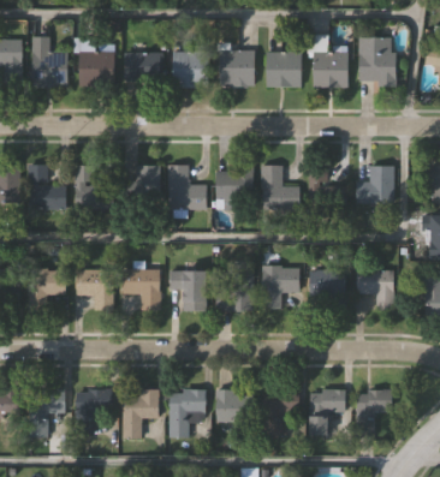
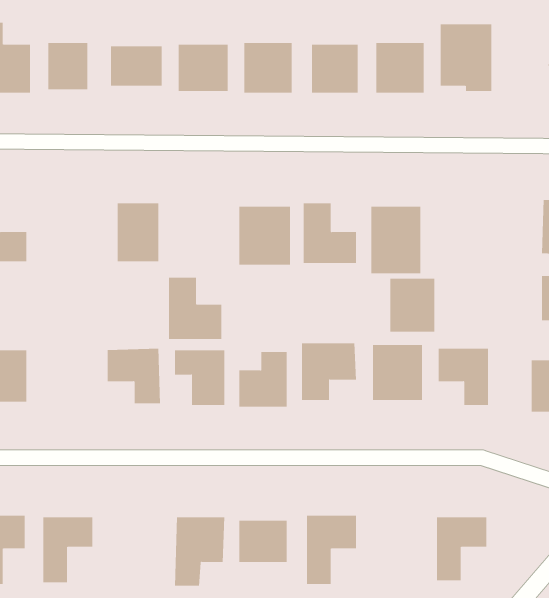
building: [75,165,112,208] -> none
building: [359,165,392,203] -> [389,278,435,332]
building: [167,166,206,210] -> [168,277,222,339]
building: [75,270,112,310] -> none
building: [121,389,159,437] -> none
building: [310,389,345,435] -> none

